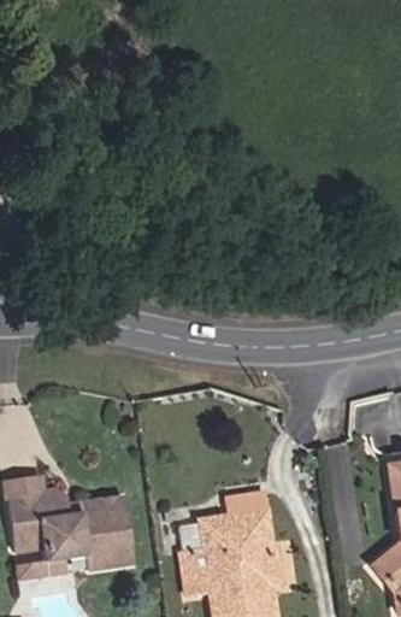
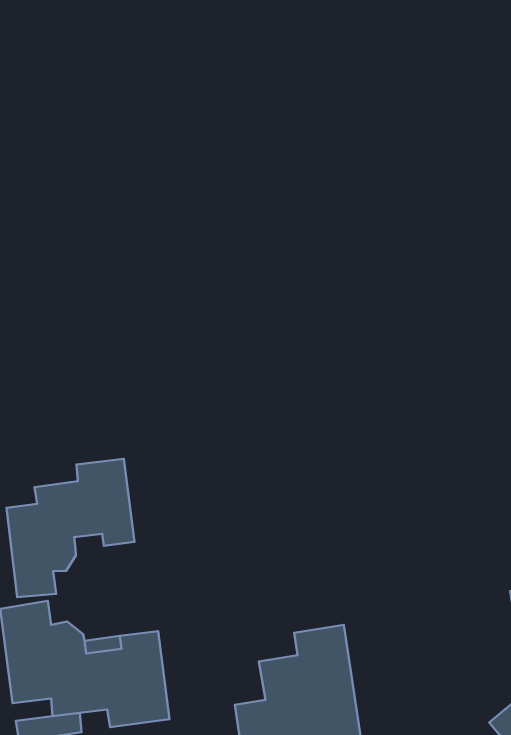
building: none -> [7,459,134,597]

